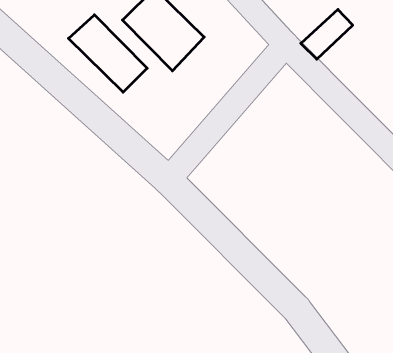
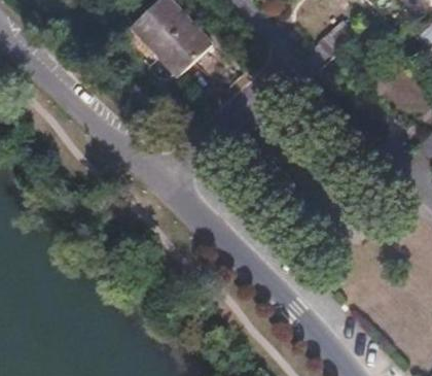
building: [68,15,147,92] -> none

